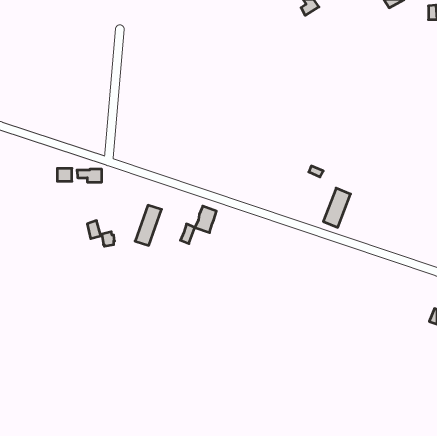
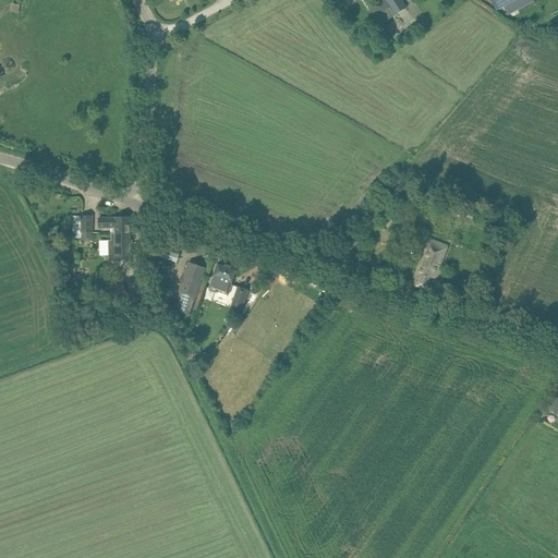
building: none -> [108,232,131,258]
building: [195,206,216,233] -> [209,260,236,294]

